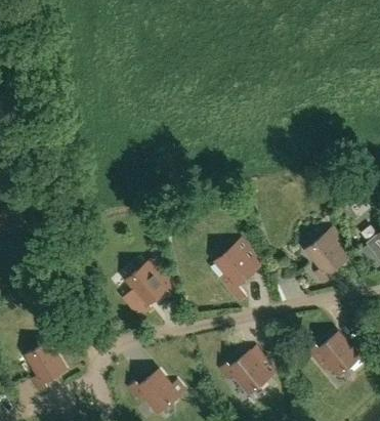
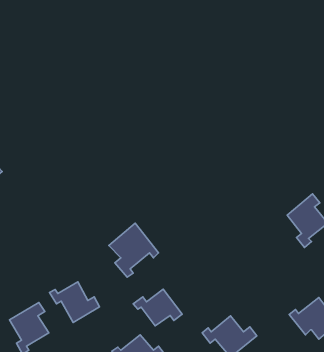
building: [215,240,256,294] -> none
building: none -> [49,282,99,322]
building: none -> [133,289,182,326]

